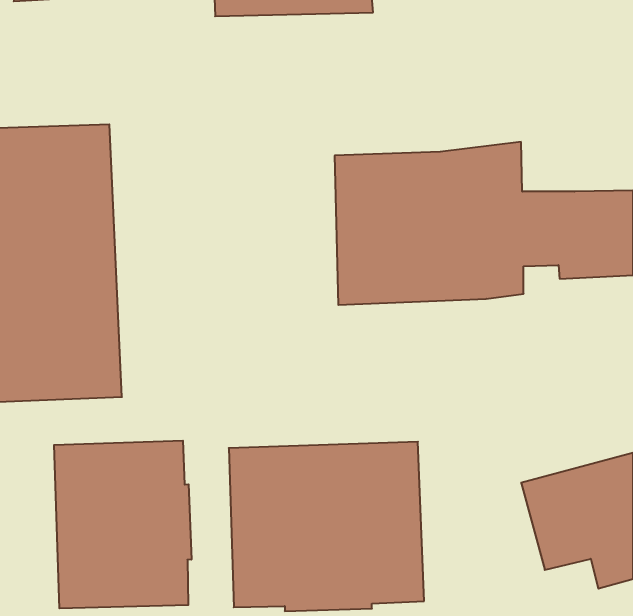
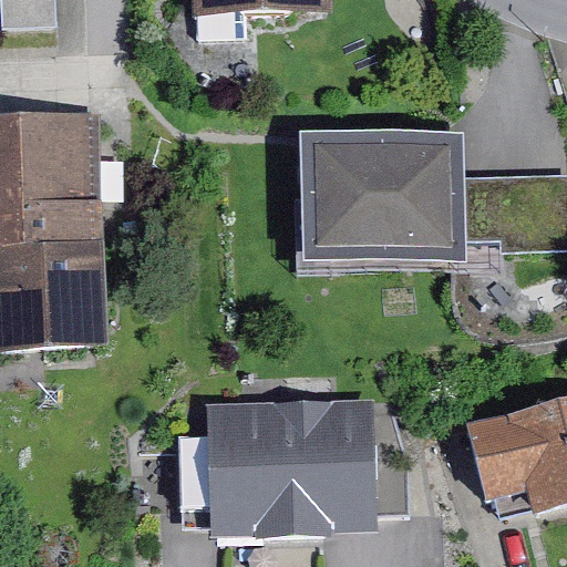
building: [54,441,191,608] -> none

